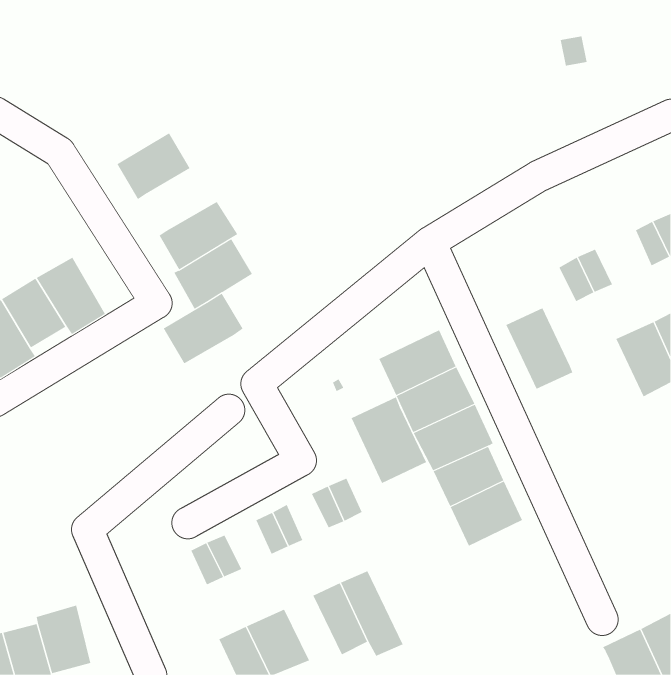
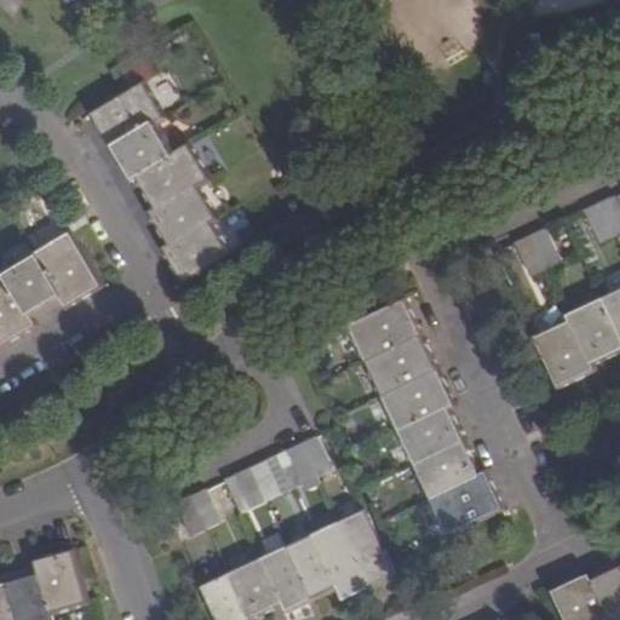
building: none -> [87,85,161,150]
building: [163,293,243,364] -> [133,145,207,211]
building: [506,308,573,390] -> [529,310,591,385]
building: [351,396,427,484] -> none
building: none -> [429,472,501,533]
building: none -> [337,510,394,590]
building: none -> [260,545,312,612]

